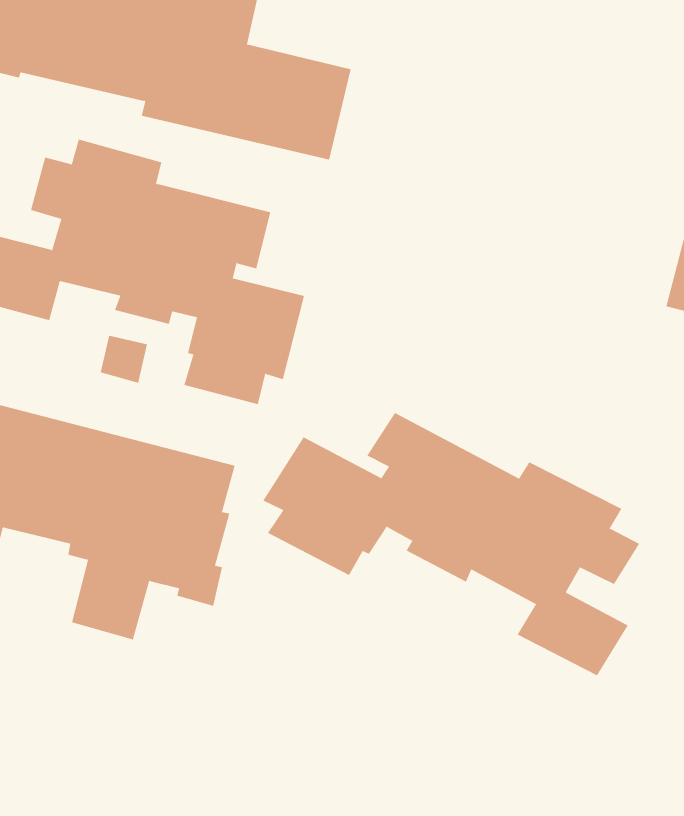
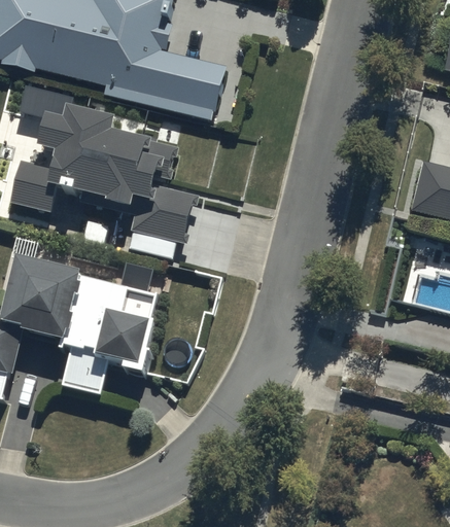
building: [262,412,640,676] -> none

